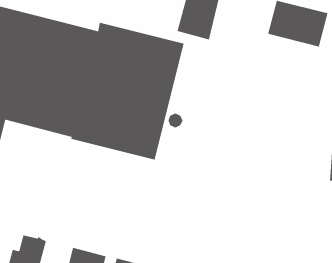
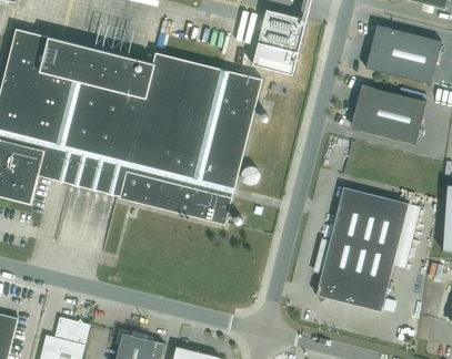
building: none -> [351,84,426,144]
building: none -> [312,187,421,311]

